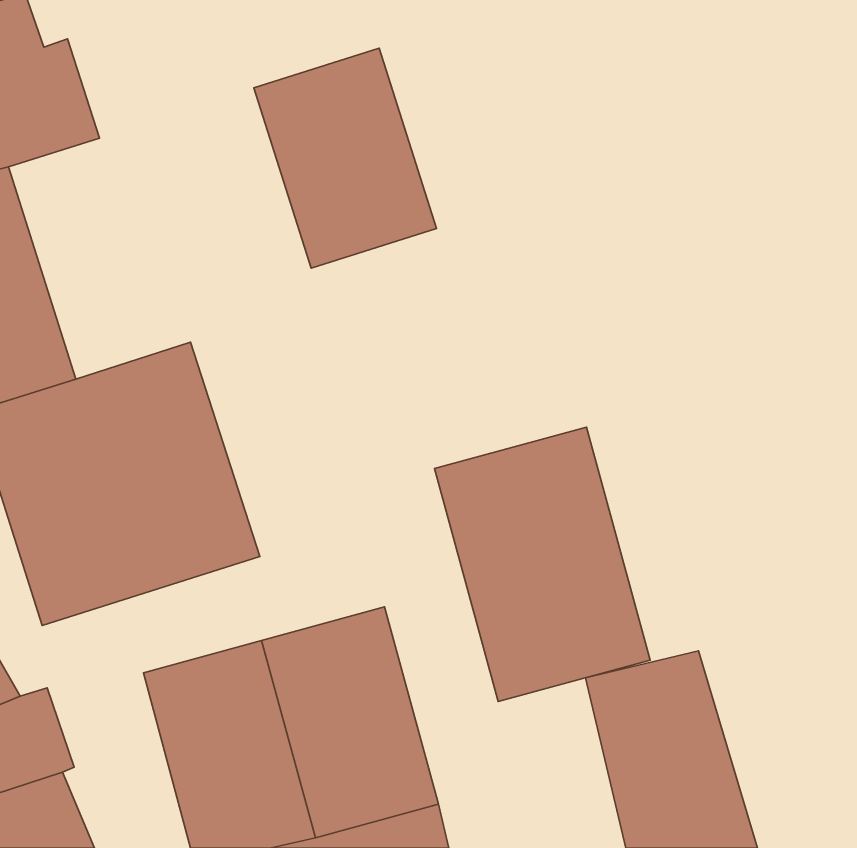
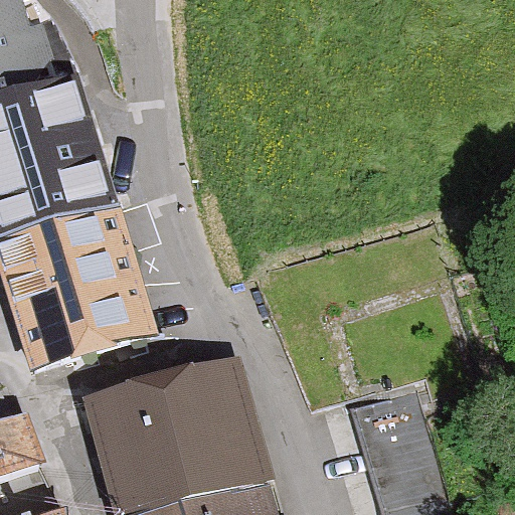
building: [254,48,437,268] -> none
building: none -> [5,78,114,226]
building: [435,427,650,702] -> none

